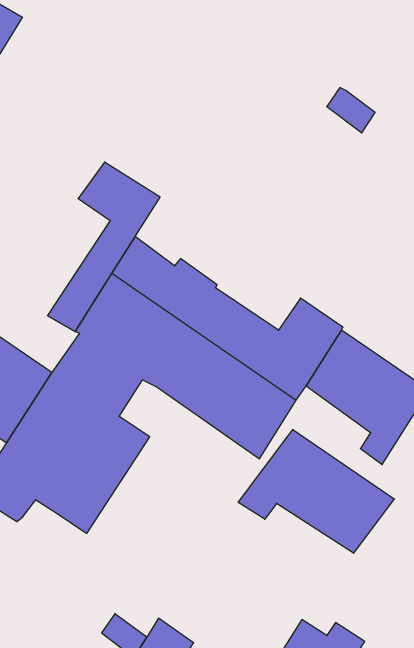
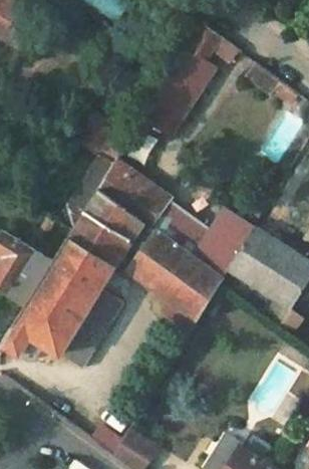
building: none -> [144,24,239,134]
building: [238,429,394,553] -> none

